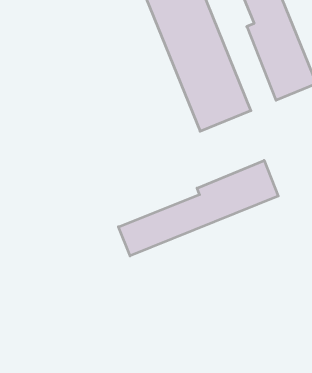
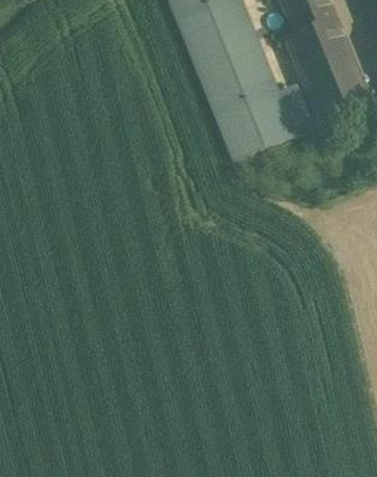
building: [118,160,278,256] -> none

